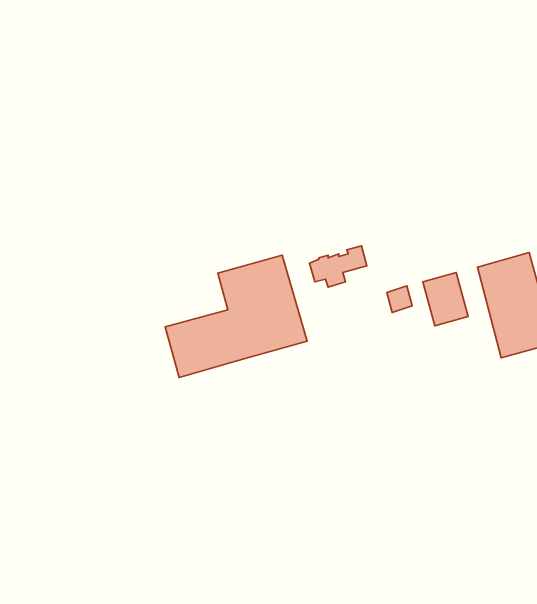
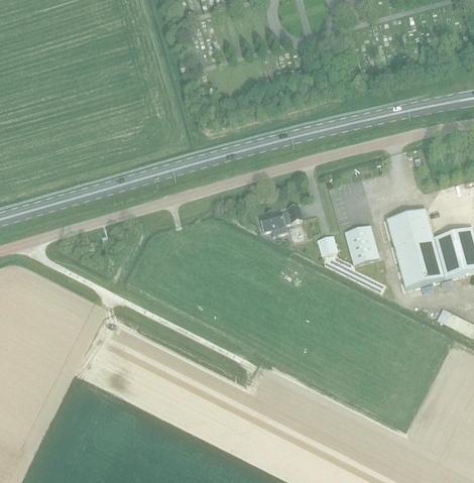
building: [165,255,307,378] -> none

